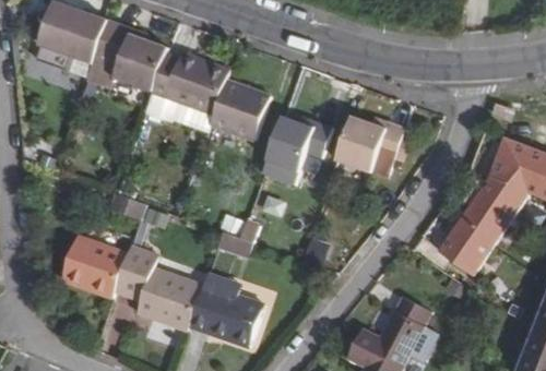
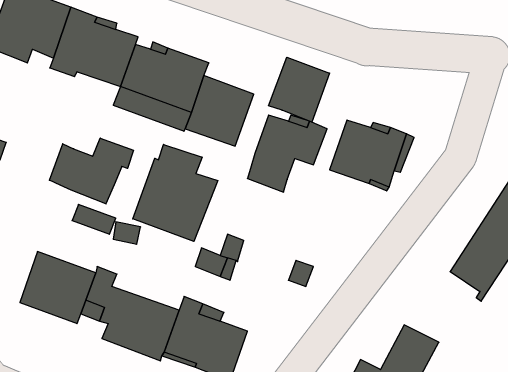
building: none -> [269,57,330,122]
building: none -> [49,138,134,204]
building: none -> [133,144,218,241]

